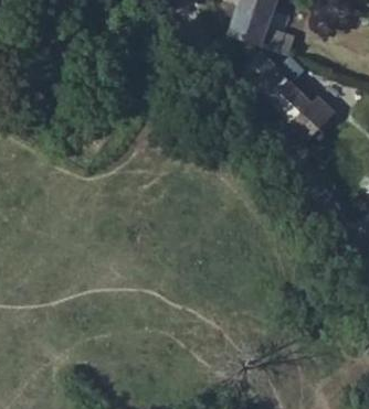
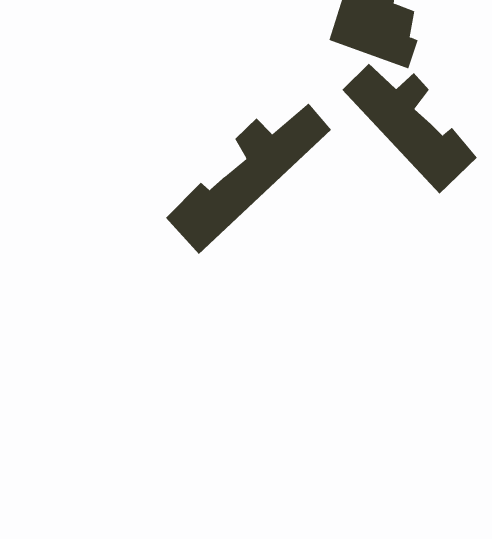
building: none -> [165,102,332,255]

